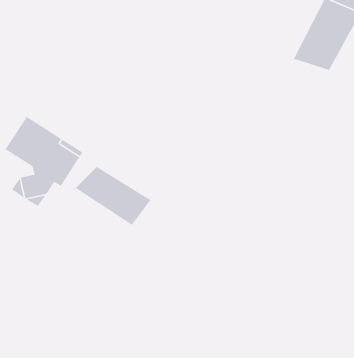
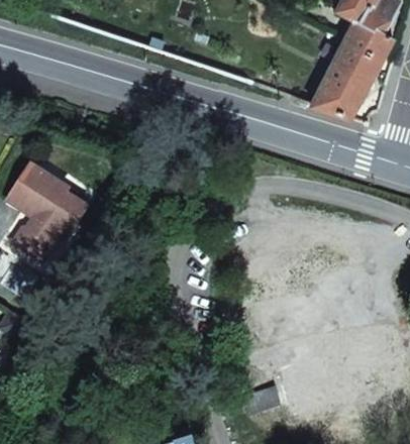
building: [75,166,152,226] -> none

